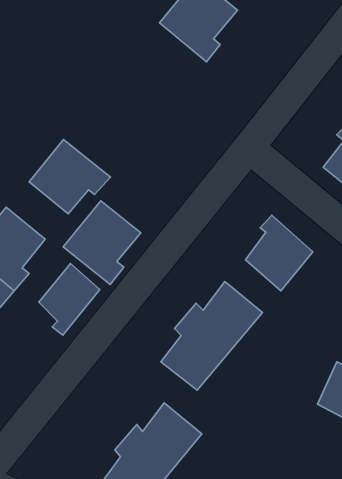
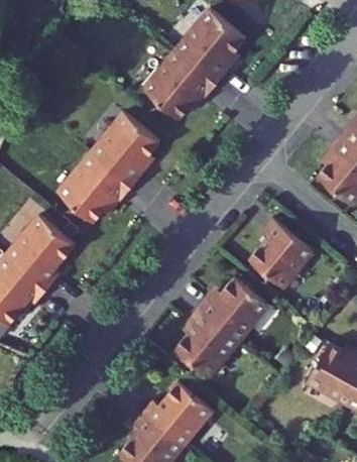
building: none -> [144,49,216,116]
building: [63,201,141,284] -> [90,112,158,186]
building: [39,263,100,335] -> none

